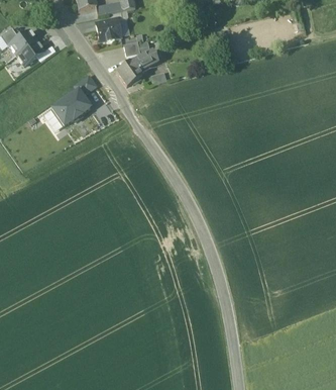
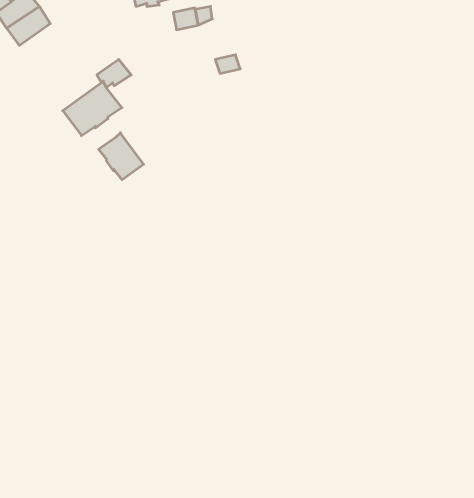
building: [116,48,158,85] -> none
building: none -> [99,133,144,180]

